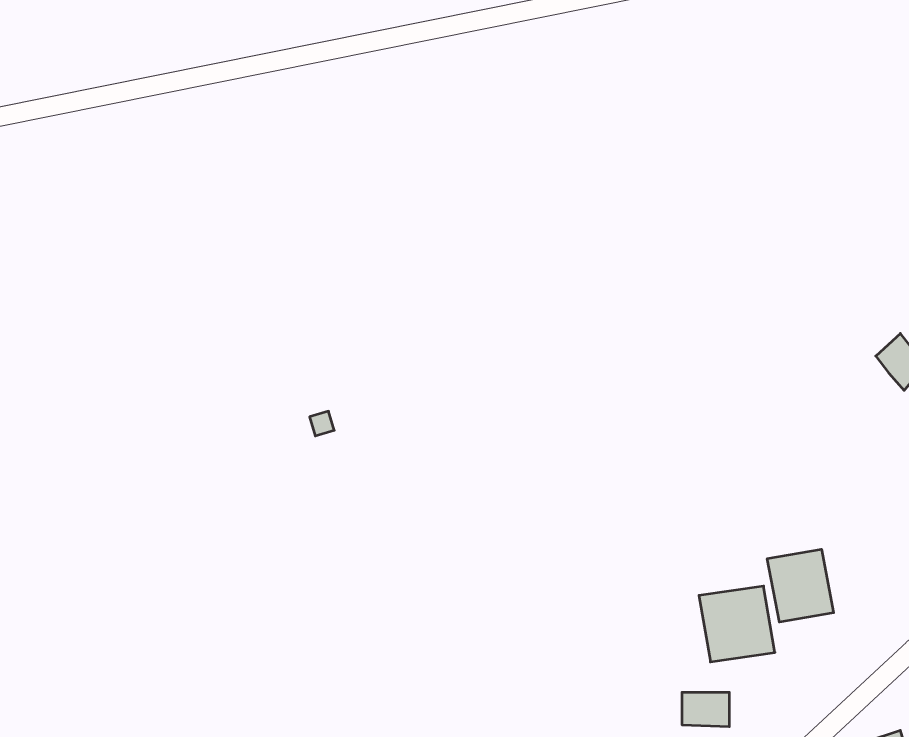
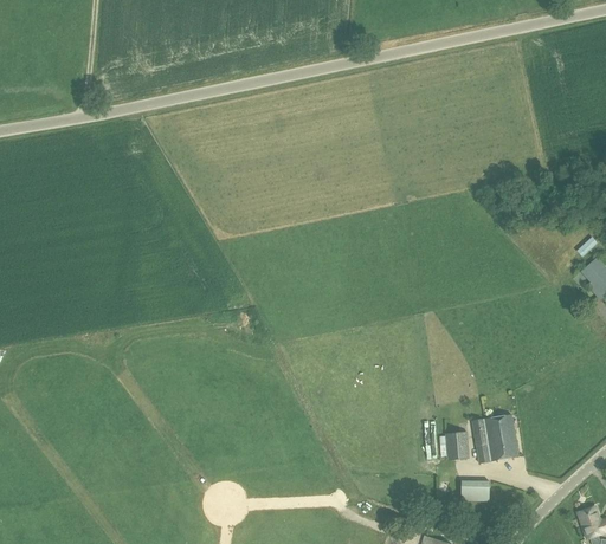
building: [767,549,834,622] -> none
building: none -> [445,430,469,460]

